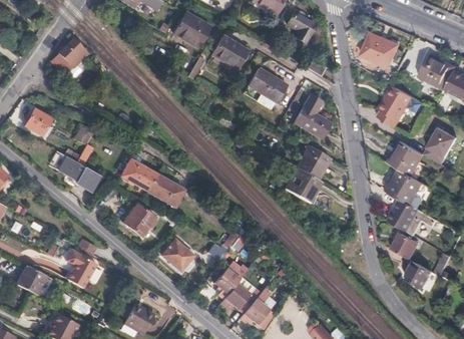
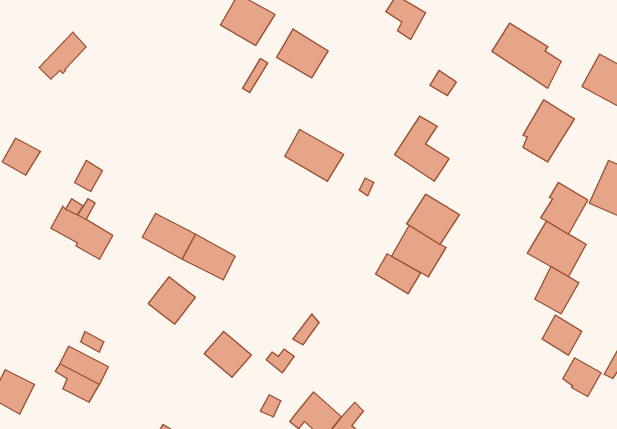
building: [248,67,288,102] -> [285,130,344,181]
building: none -> [376,254,420,294]
building: [213,267,240,298] -> none

